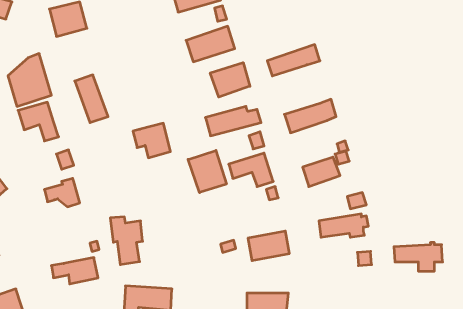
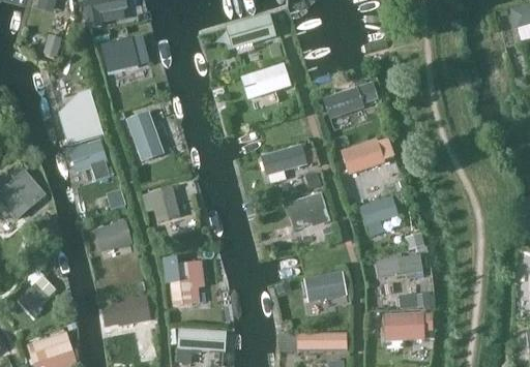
building: [210,63,250,97] -> none
building: [133,123,170,158] -> [142,187,180,222]
building: [188,150,226,193] -> none
building: [394,243,443,271] -> [383,310,433,339]

